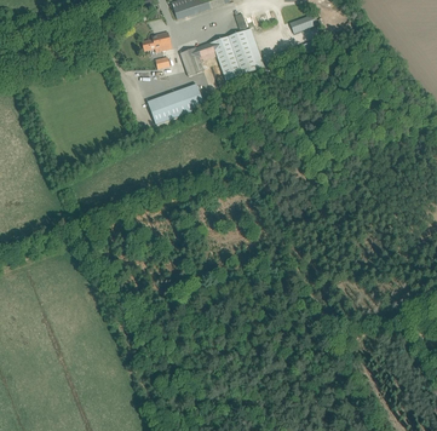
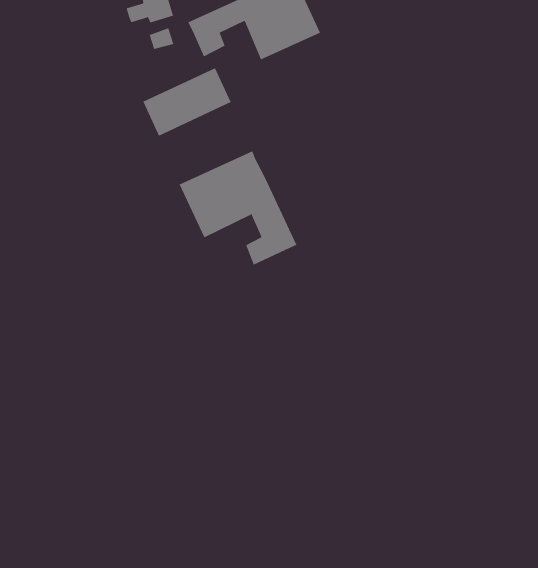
building: none -> [179,150,297,266]

